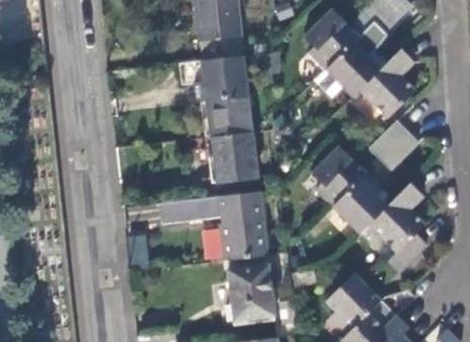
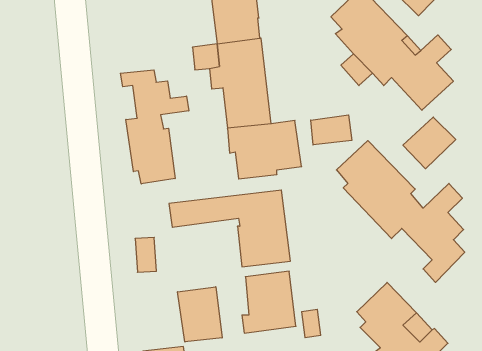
building: none -> [120,70,189,184]
building: none -> [311,115,352,145]
building: none -> [178,287,222,342]

